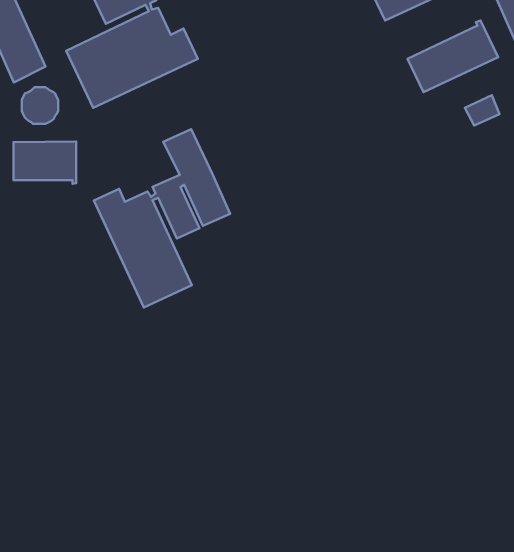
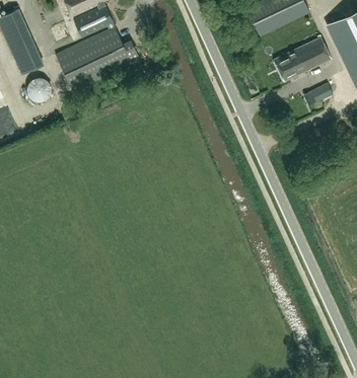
building: [94,129,230,307] -> none
building: [14,141,76,184] -> none

